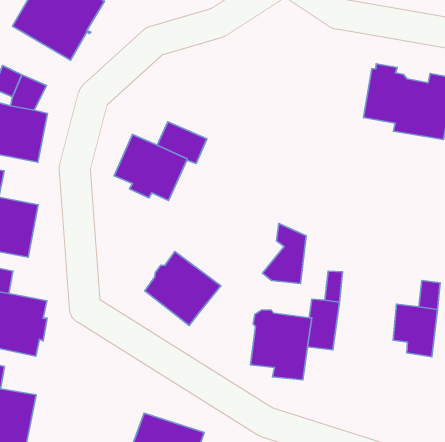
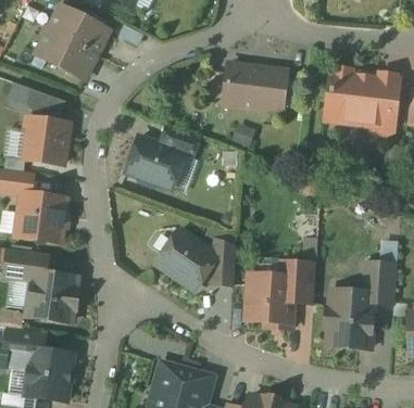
building: none -> [224,64,286,112]
building: [263,224,306,283] -> [202,238,236,285]
building: none -> [325,291,374,348]

